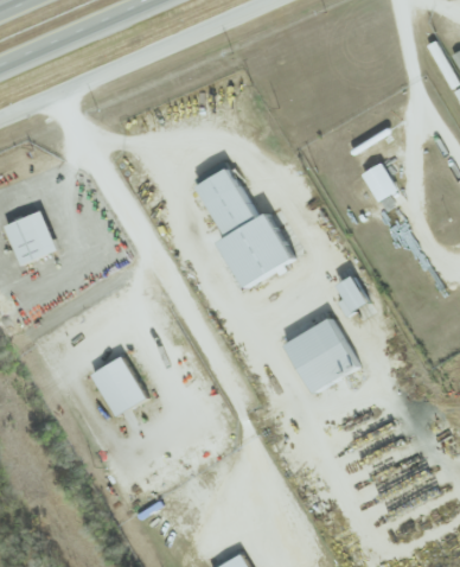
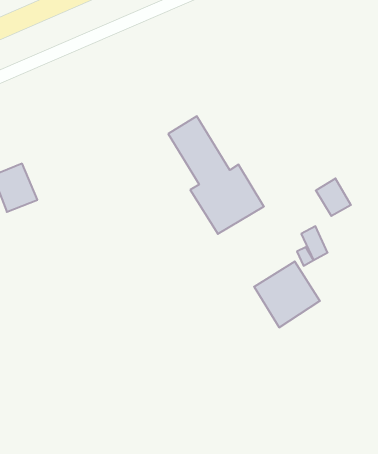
building: [359,163,397,203] -> [316,178,351,216]
building: [91,356,147,416] -> none

